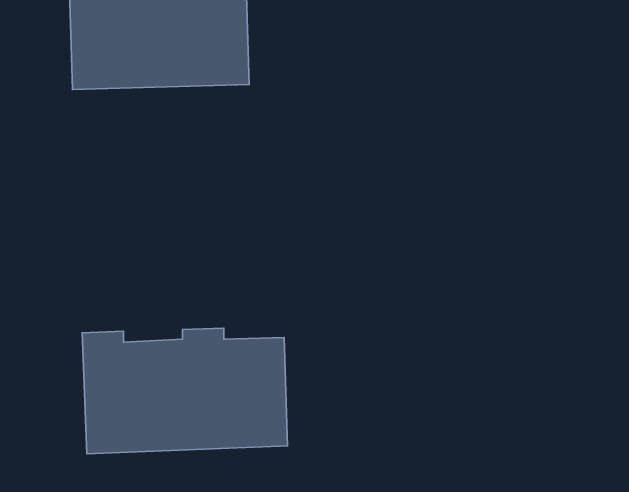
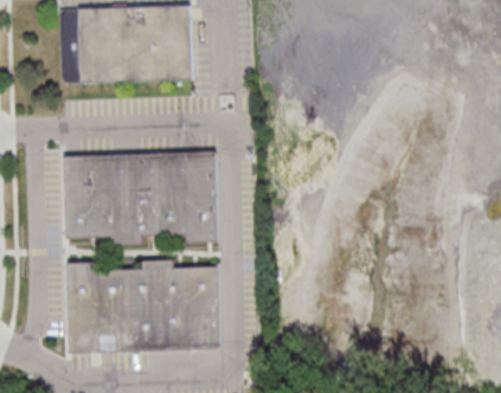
building: none -> [60,150,214,245]

